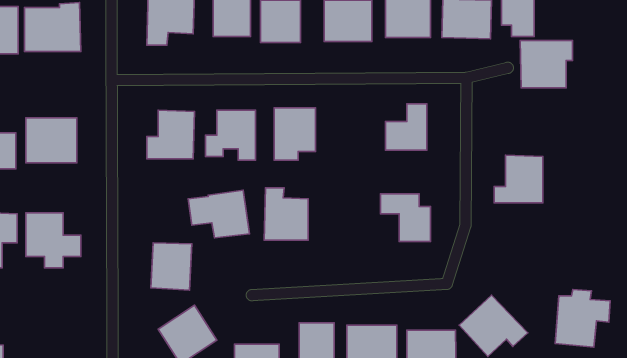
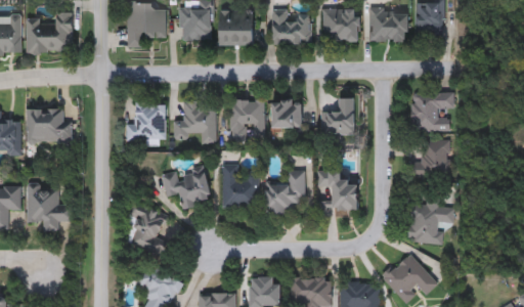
building: [520,40,572,88] -> [410,92,453,131]
building: none -> [273,99,302,126]
building: none -> [266,170,305,214]
building: [555,290,610,347] -> [408,196,453,244]

